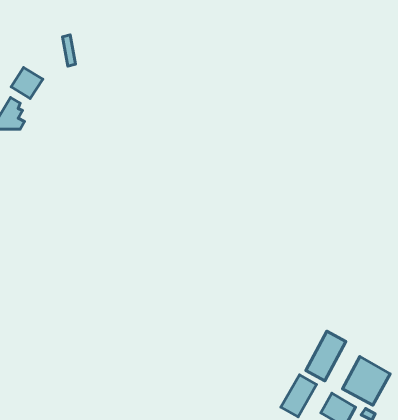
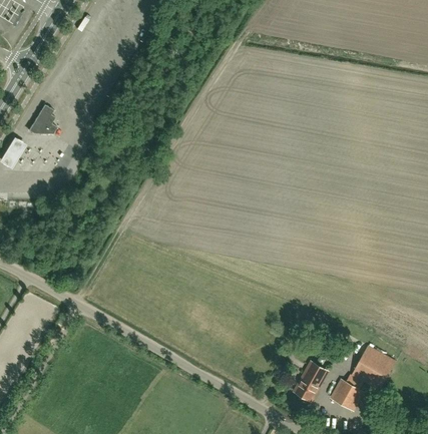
building: [11,67,43,99] -> none
building: [306,331,346,381] -> none

